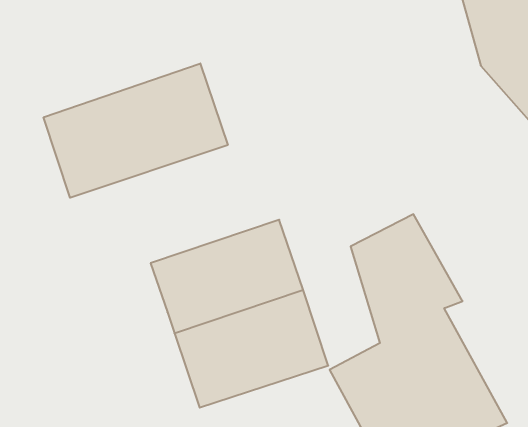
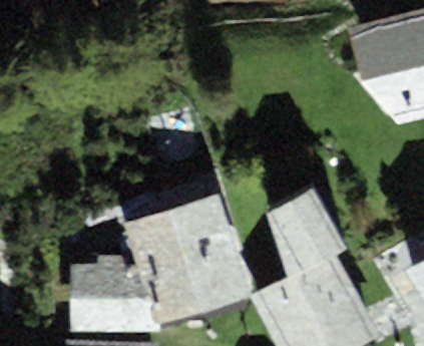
building: [44,63,228,198] -> none
building: none -> [68,255,160,333]

